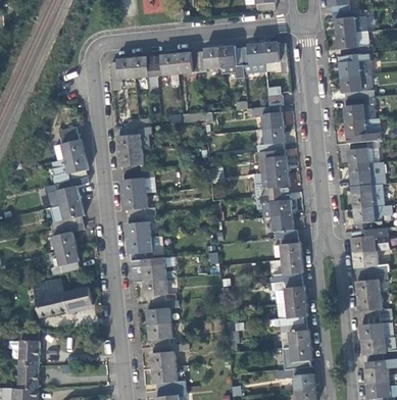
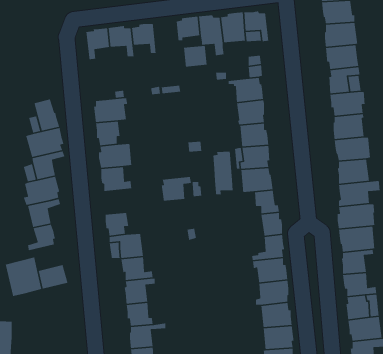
building: [176,52,199,73] -> [183,45,208,67]
building: none -> [212,151,234,195]
building: [127,213,156,238] -> [161,176,192,202]

